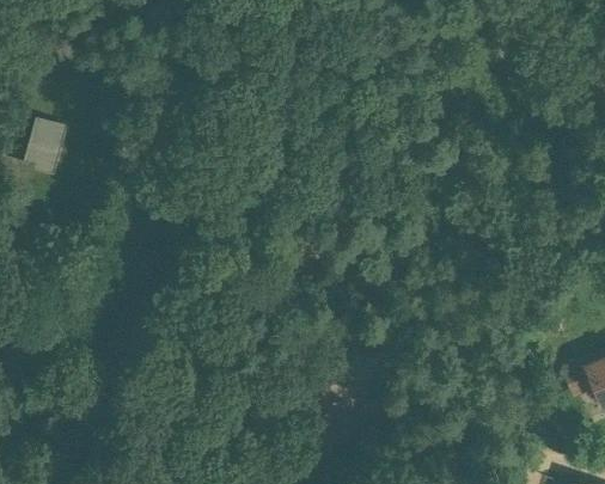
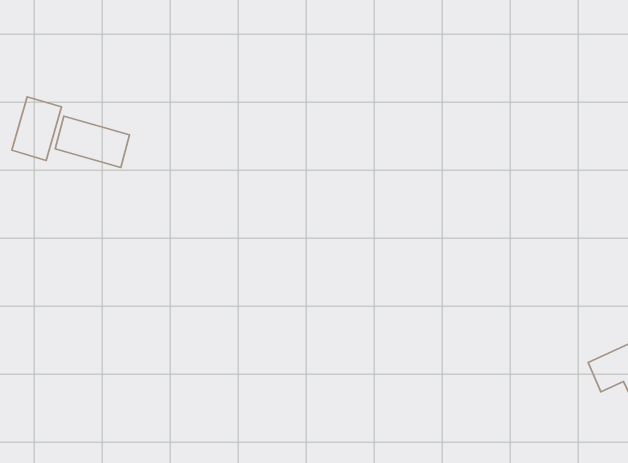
building: none -> [55,116,130,168]

